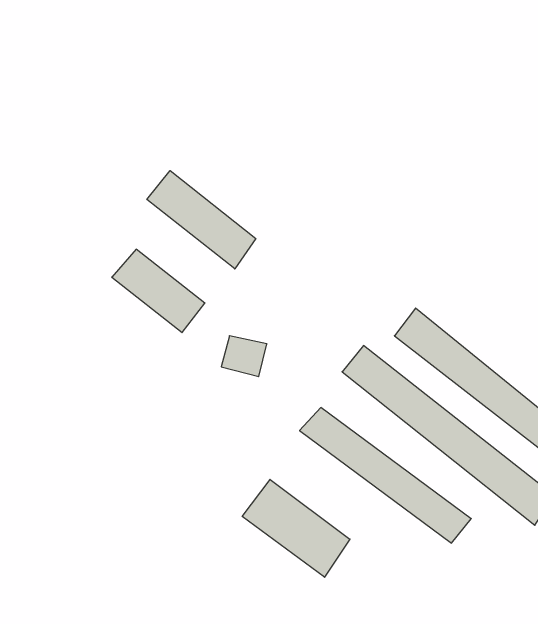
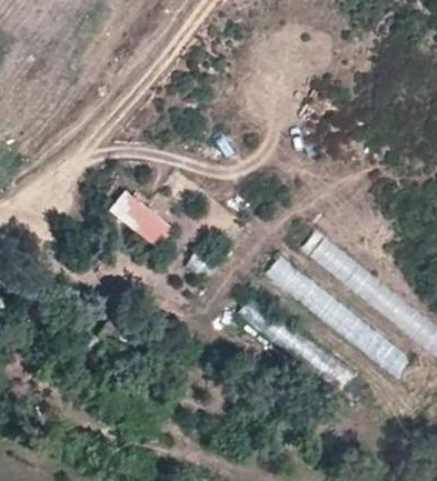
building: [147,171,256,269] -> none
building: [242,479,350,577] -> none

